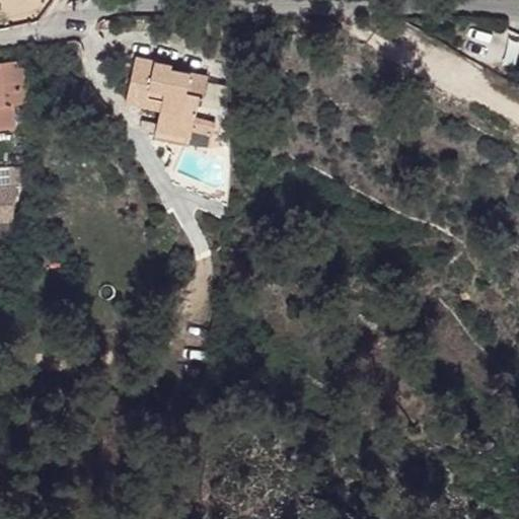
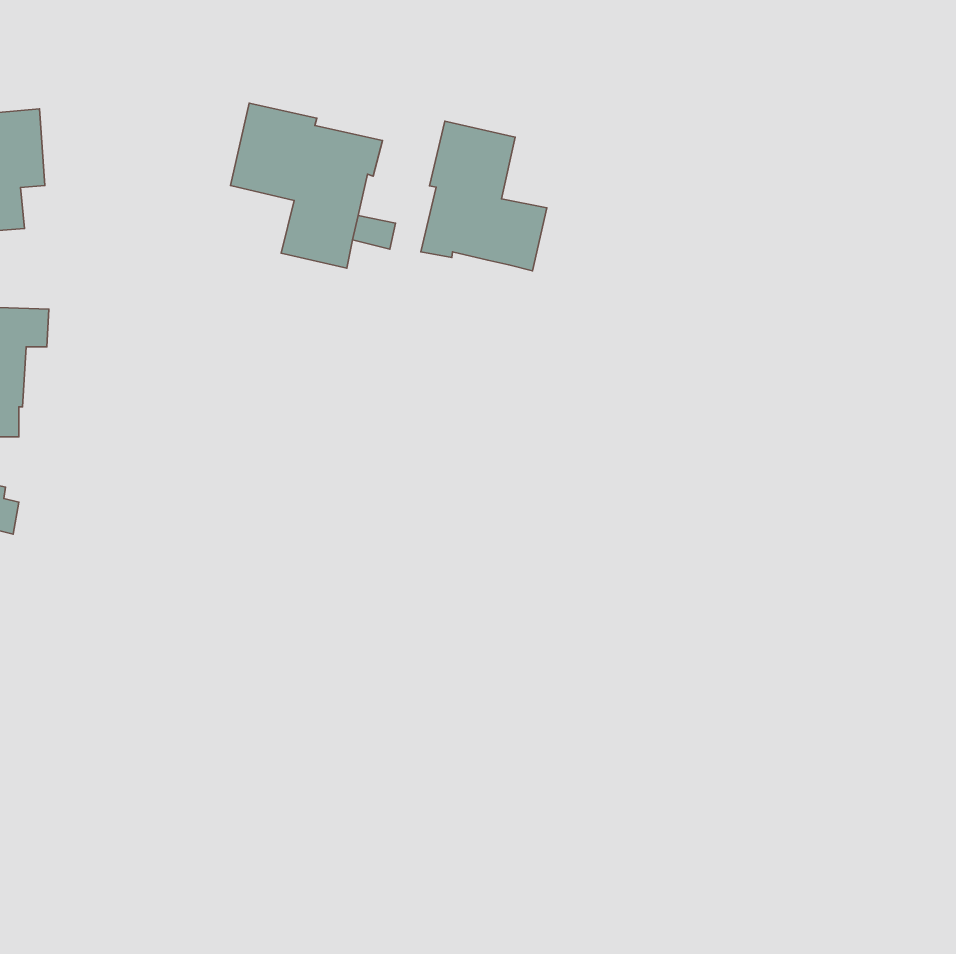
building: none -> [421,121,547,271]

